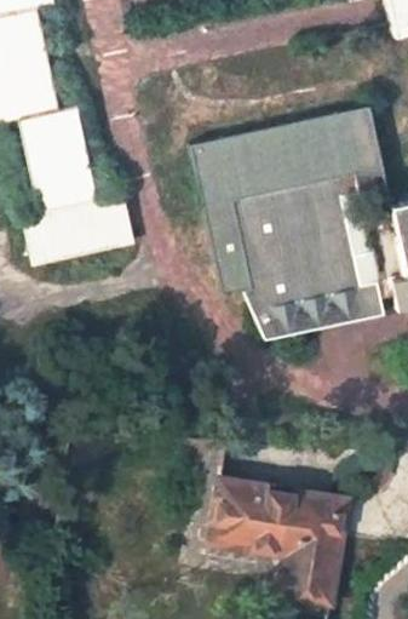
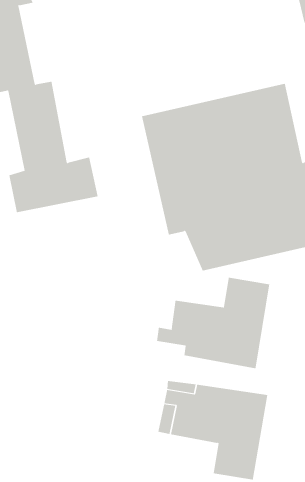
building: none -> [157,277,270,369]

